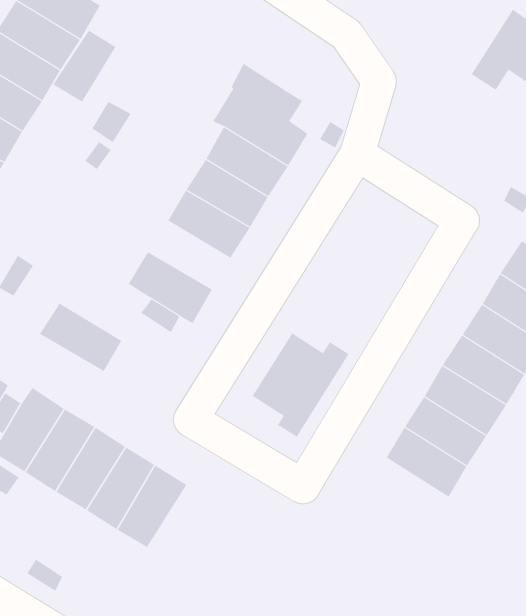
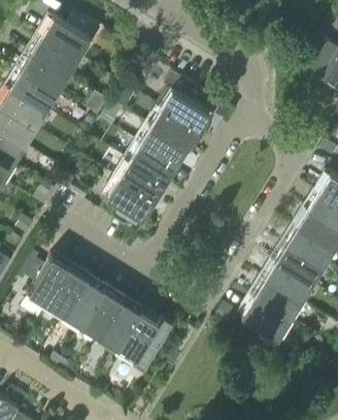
building: [53,30,116,102] -> none
building: [39,303,122,372] -> [119,162,166,201]
building: [252,333,350,437] -> [119,313,174,373]
building: none -> [242,297,291,338]

